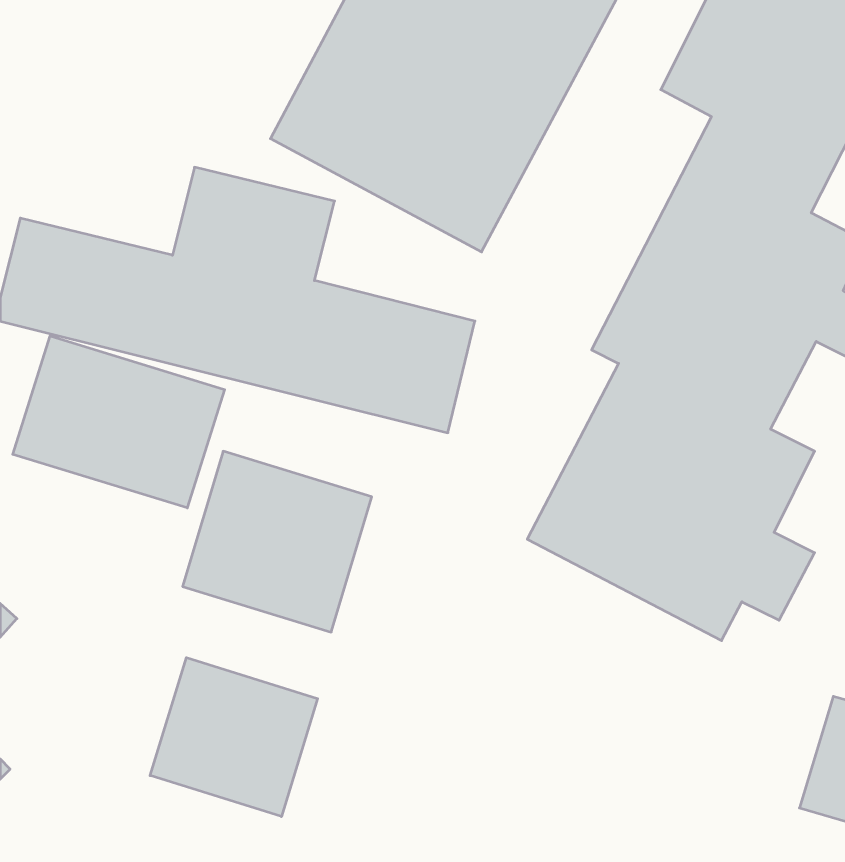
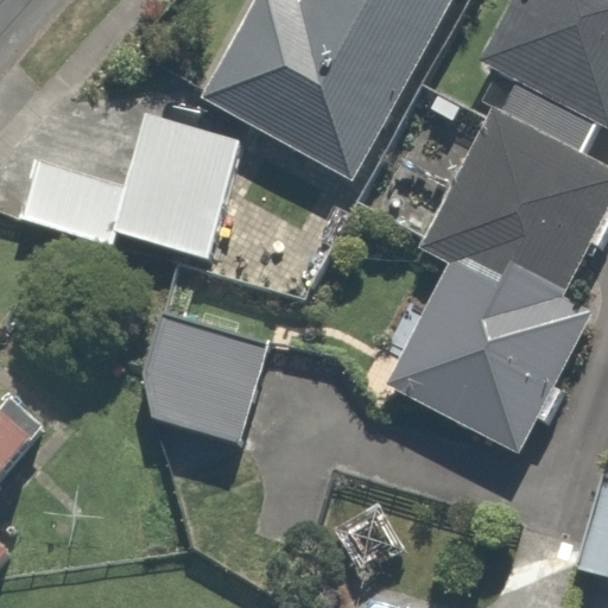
building: [13,336,225,508] -> none
building: [150,658,318,817] -> none

